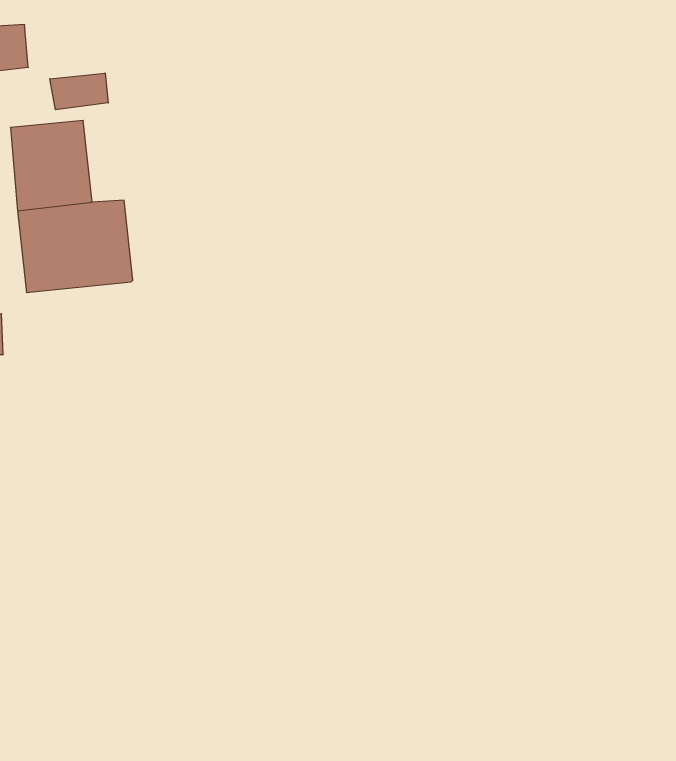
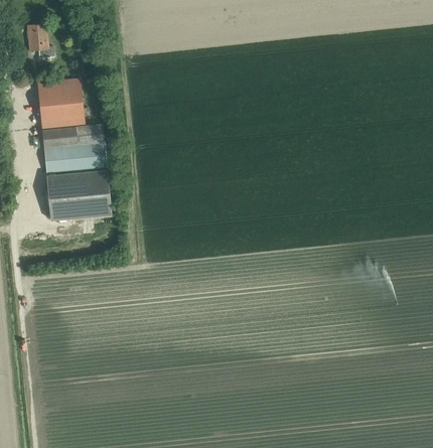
building: [50,73,108,110] -> none
building: none -> [47,171,112,221]

